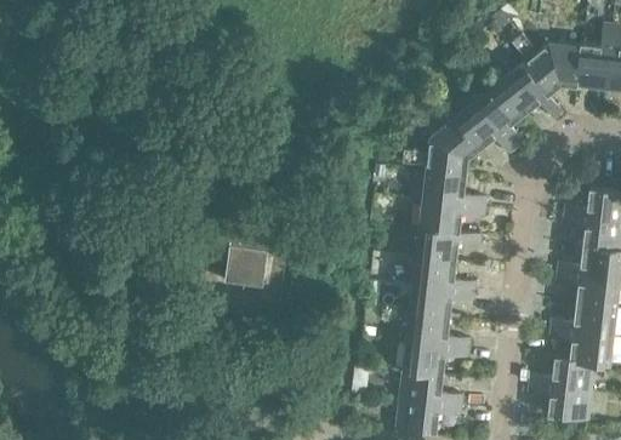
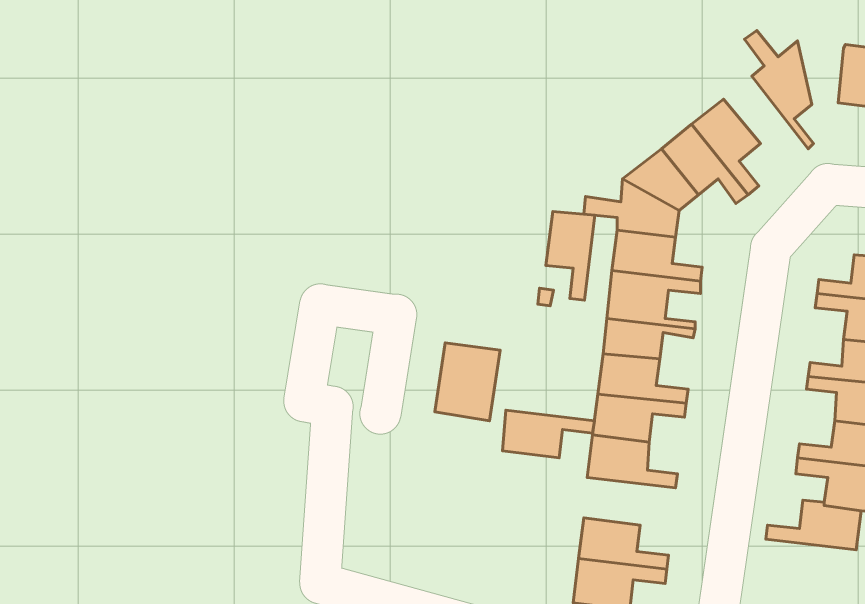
building: [551,42,582,87] -> none
building: [500,67,558,119] -> none
building: none -> [546,211,595,300]
building: [224,234,269,287] -> [435,343,500,421]
building: [404,342,467,375] -> [502,410,594,458]
building: [529,384,591,421] -> none

